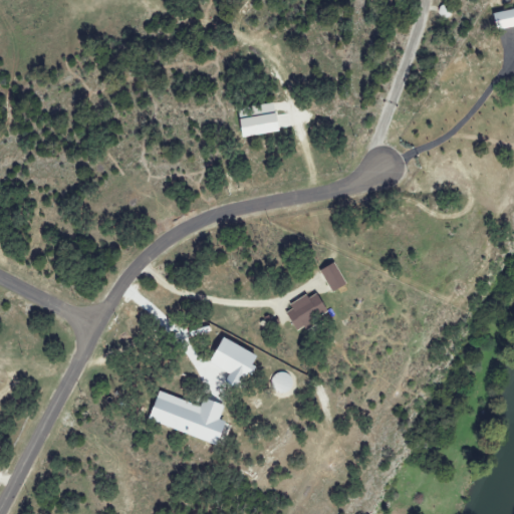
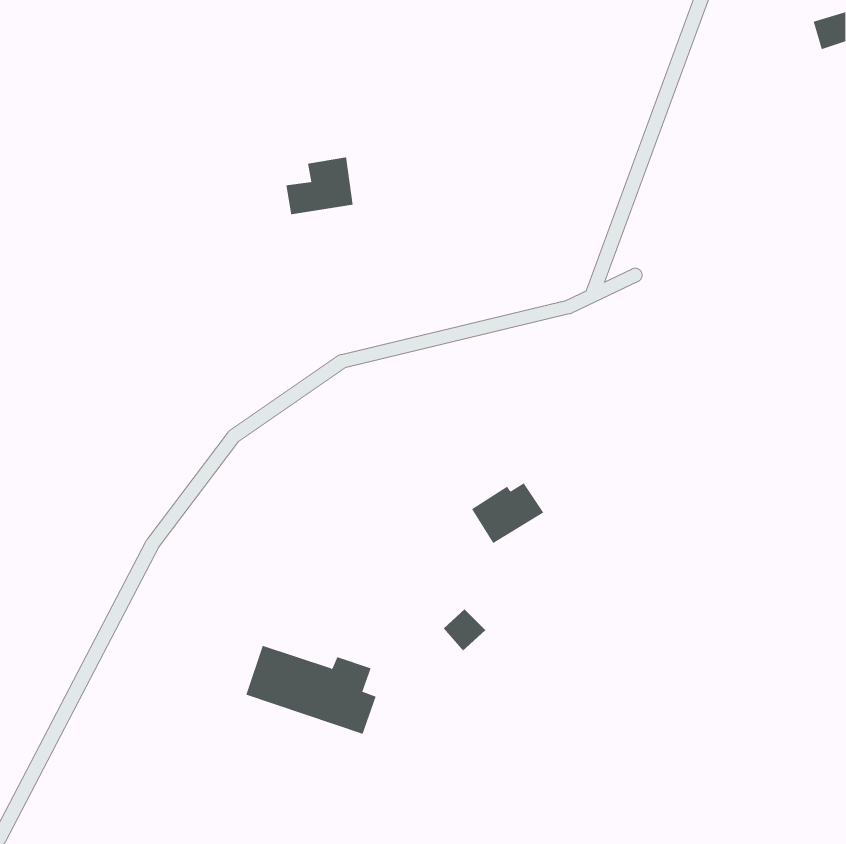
building: [239,101,280,137] -> [285,157,353,215]
building: [321,262,345,291] -> none
building: [213,338,259,389] -> none

